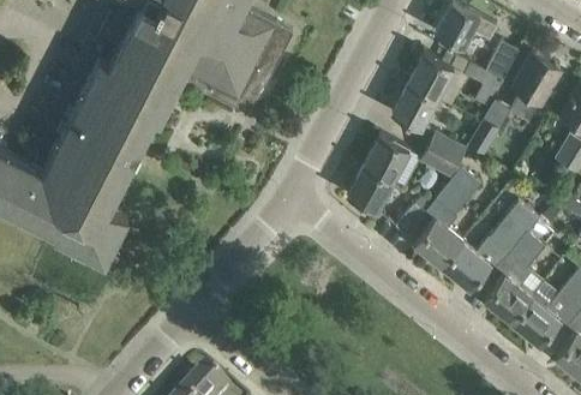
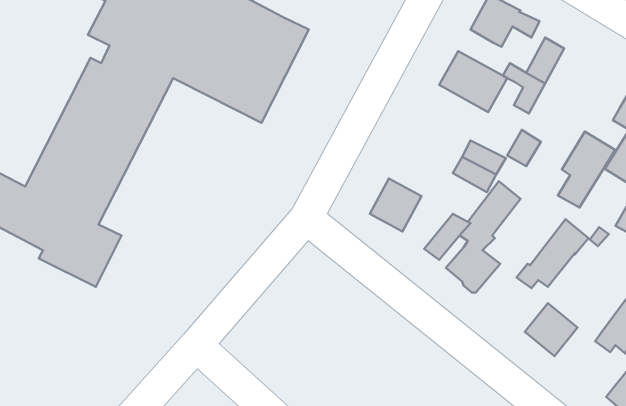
building: [509,54,561,121] -> [558,132,616,208]
building: [391,83,451,130] -> none
building: [364,134,409,181] -> none
building: [504,232,546,288] -> none
building: [441,241,490,289] -> none
building: [510,298,559,346] -> none

